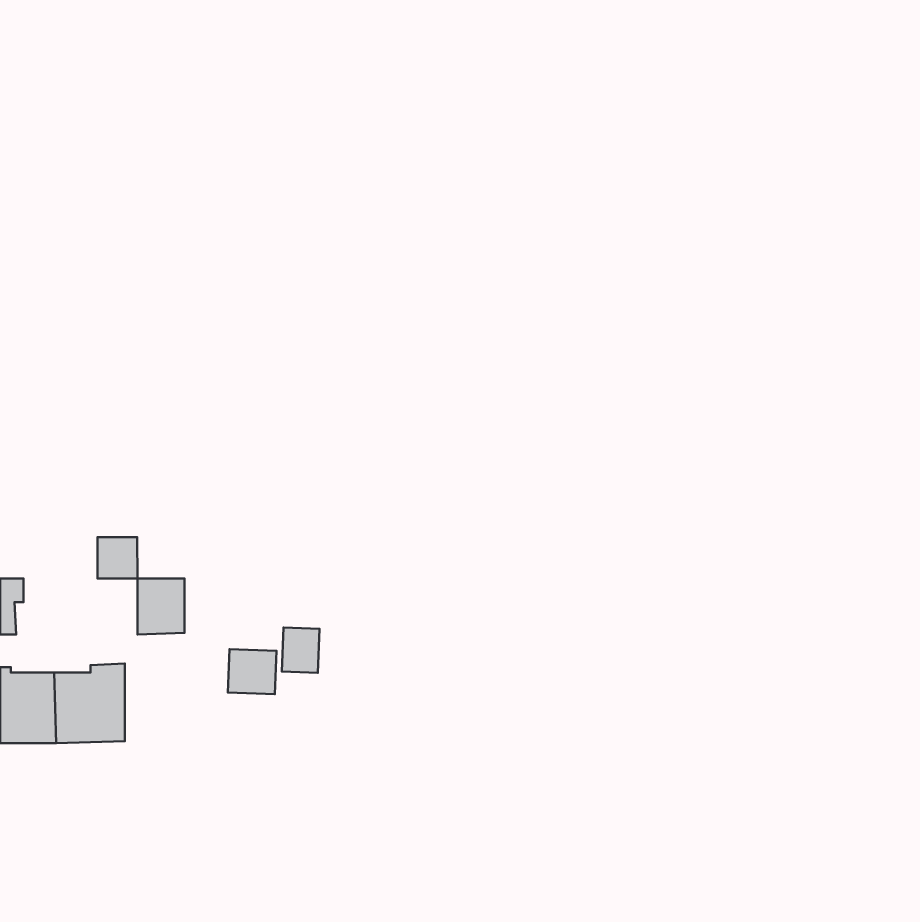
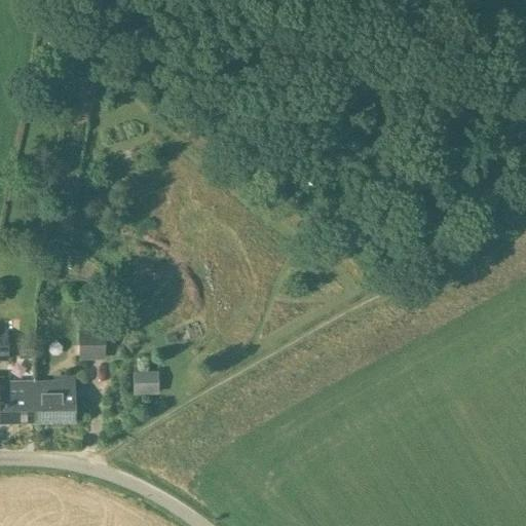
building: [97,537,137,579] -> none
building: [282,627,320,673] -> none

